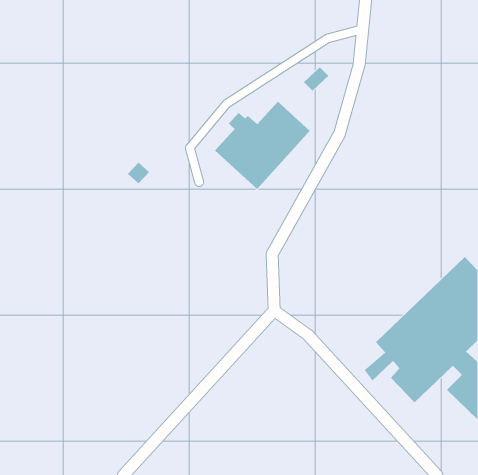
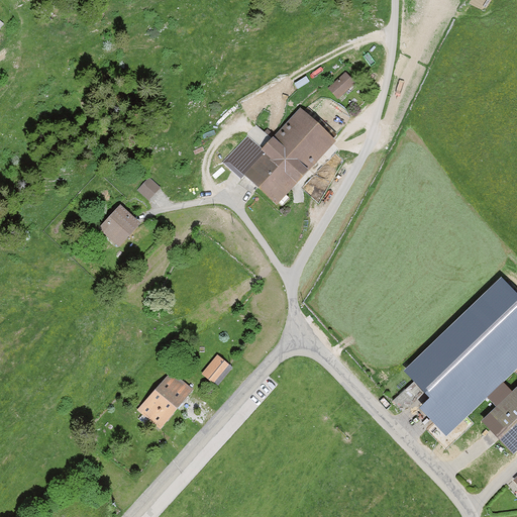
building: none -> [98,204,141,247]
building: none -> [202,353,231,384]
building: none -> [136,369,193,427]

